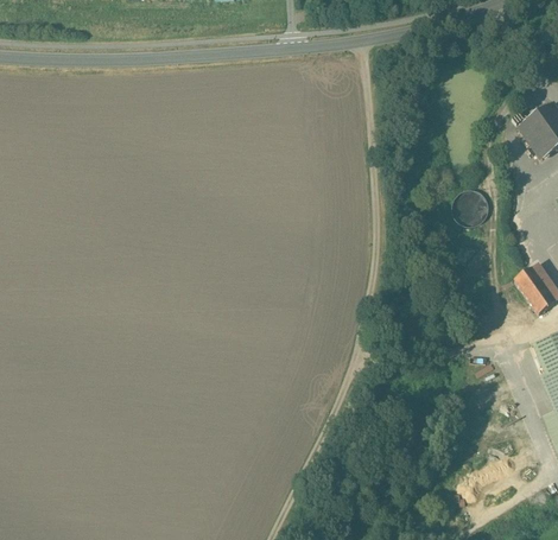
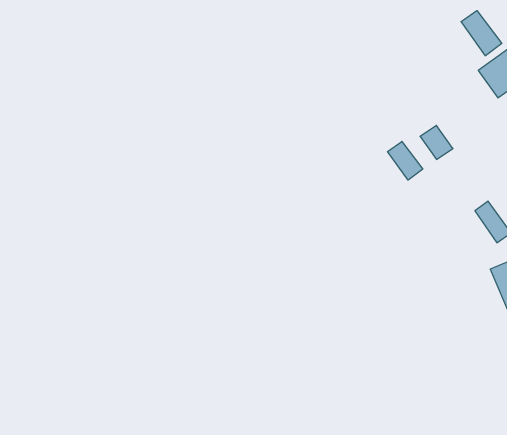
building: none -> [461,11,502,56]
building: none -> [388,141,423,180]

